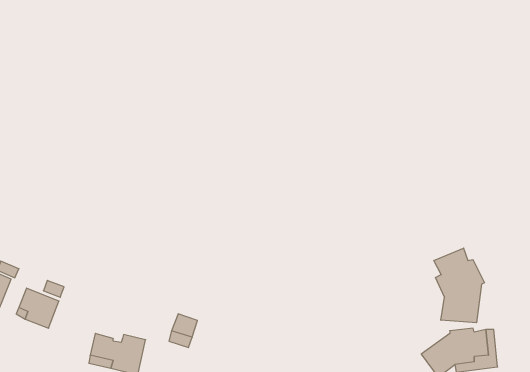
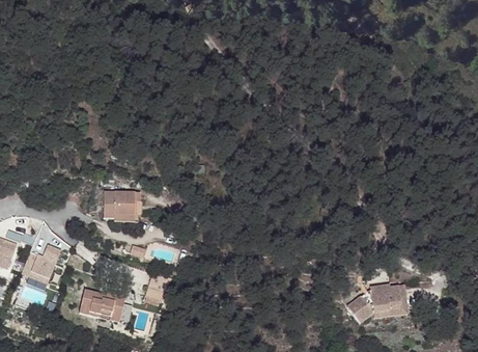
building: none -> [104,189,144,220]
building: [434,248,484,323] -> none

